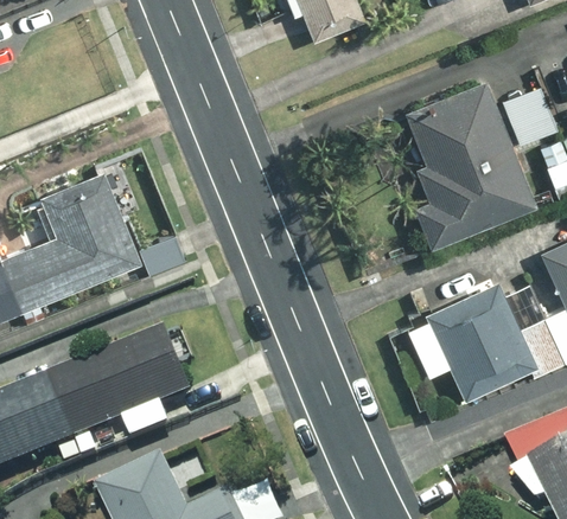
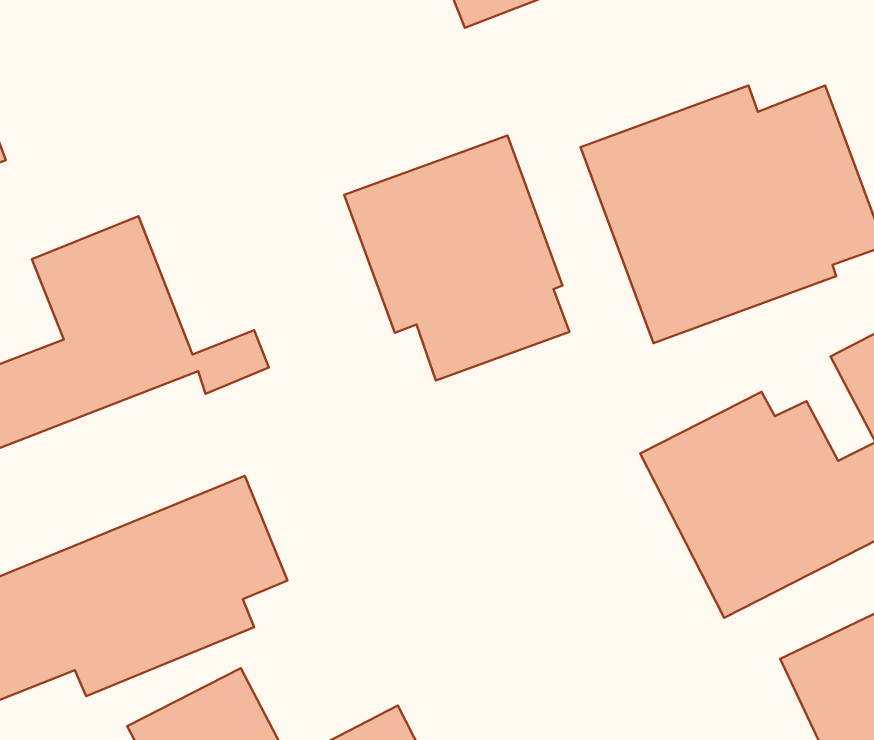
building: none -> [344,135,570,380]

